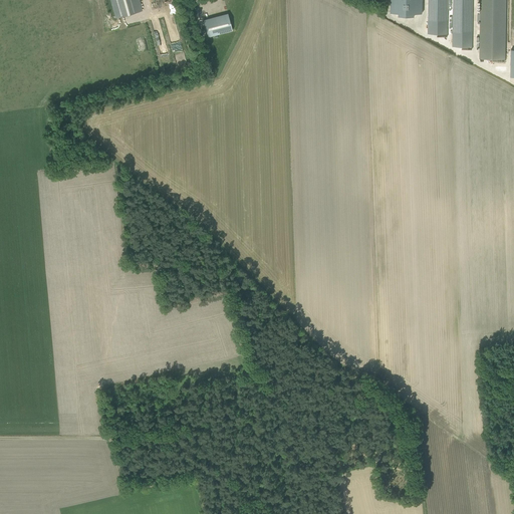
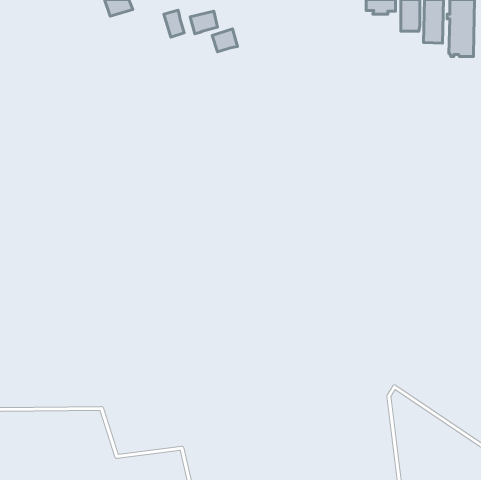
building: none -> [164,10,184,37]
building: none -> [212,29,237,52]

